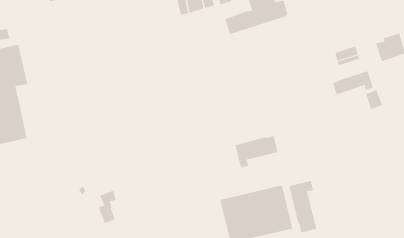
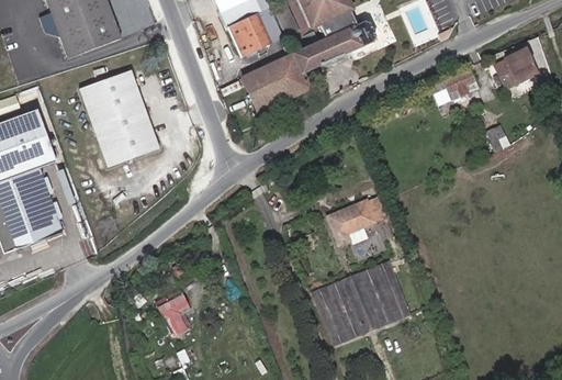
building: none -> [77,68,158,165]
building: none -> [244,53,312,110]
building: [332,71,374,95] -> none
building: [289,180,317,233] -> none

